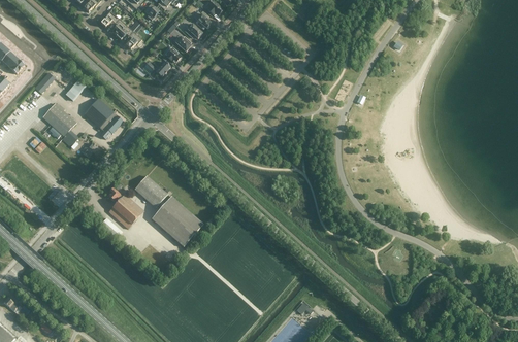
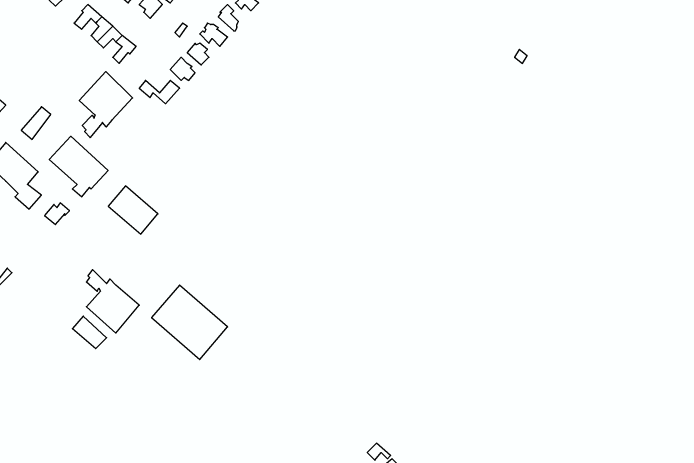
building: none -> [79,72,133,138]
building: [134,175,167,207] -> [108,186,158,234]

